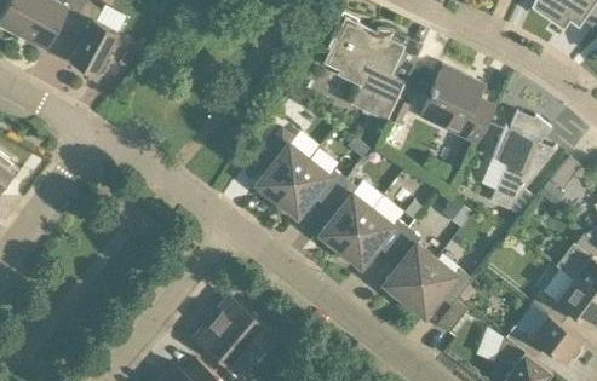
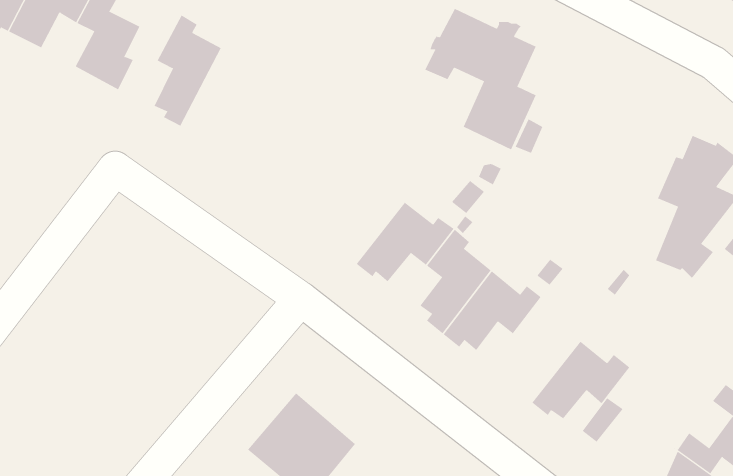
building: none -> [154,14,221,126]
building: [419,65,495,144] -> none
building: [256,128,309,203] -> none
building: [383,227,436,304] -> none

